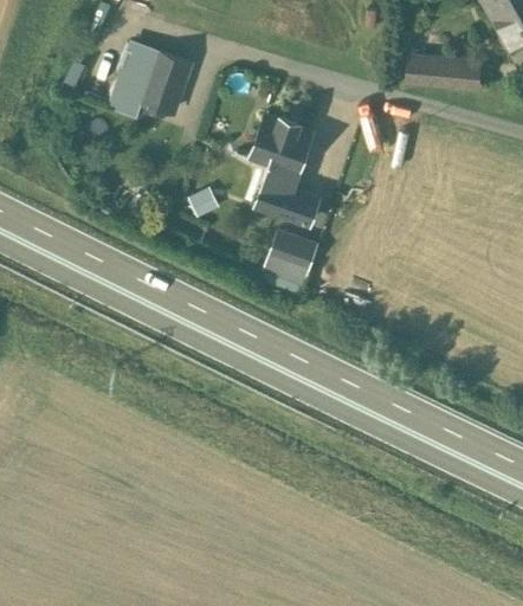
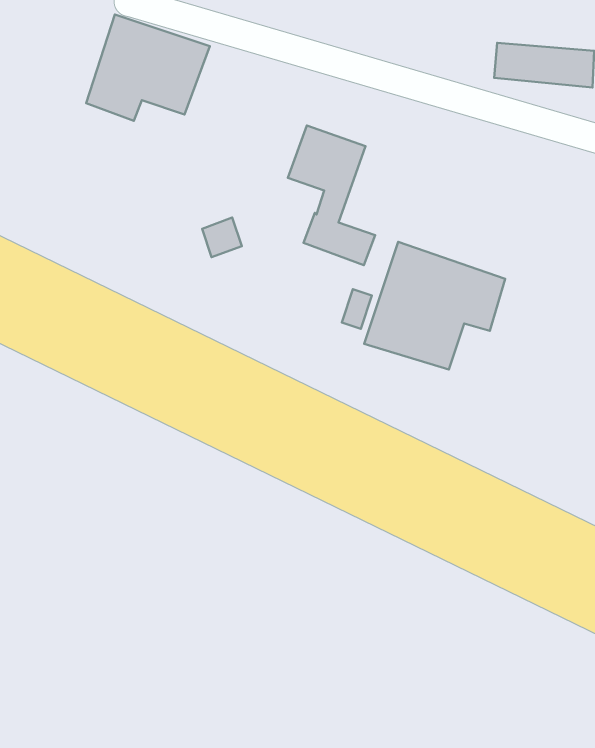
building: none -> [364,242,505,369]
building: [267,232,301,265] -> none

